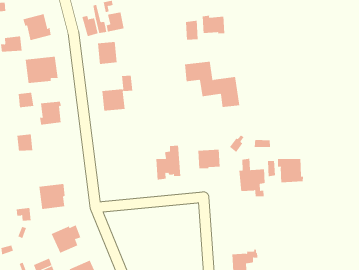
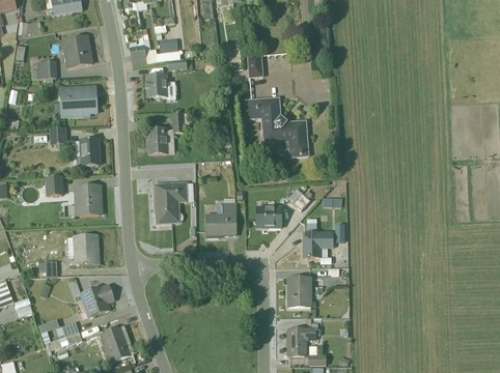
building: [202,15,225,34] -> none
building: none -> [156,182,189,222]
building: none -> [74,184,102,214]
building: [277,158,304,183] -> none
building: none -> [288,277,316,306]

